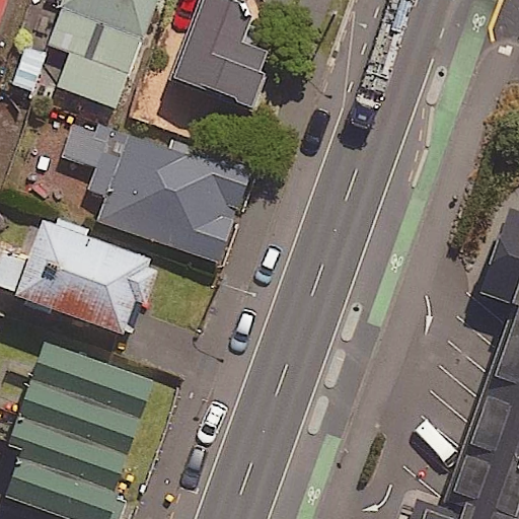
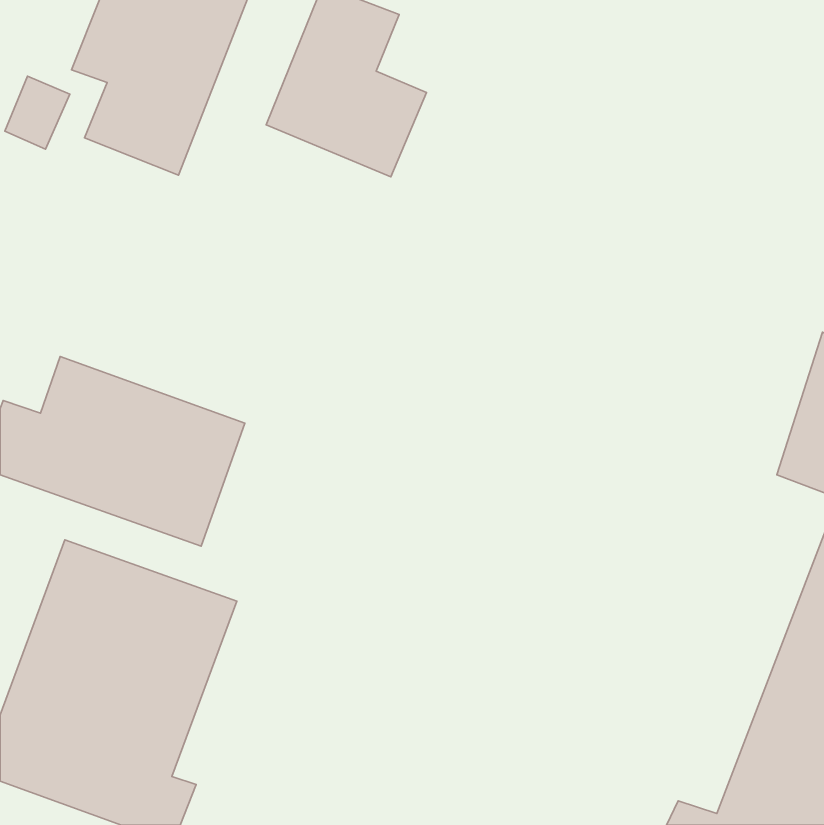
building: [66,121,248,264] -> none

